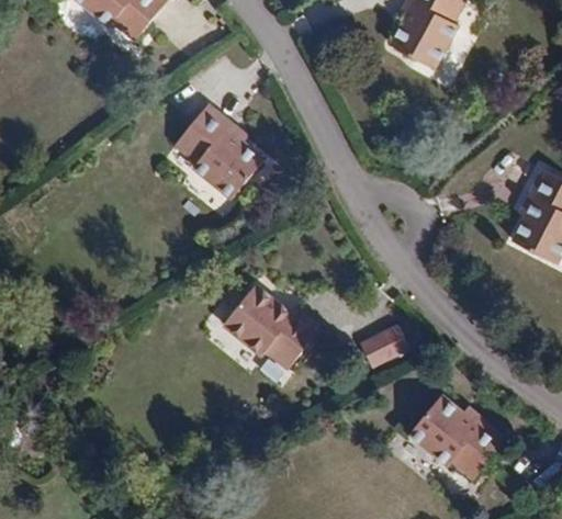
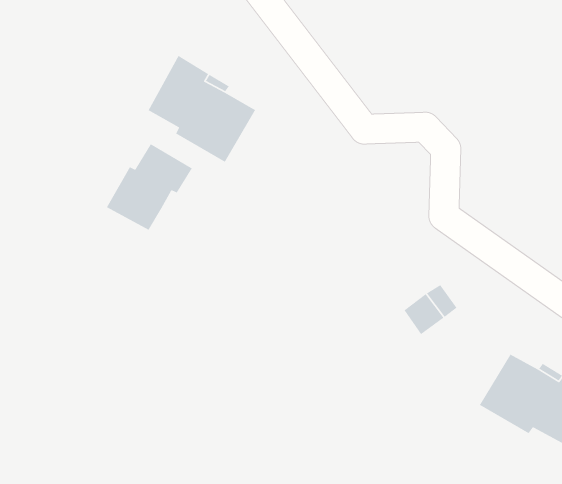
building: none -> [106,143,193,231]
building: [223,285,321,365] -> none

